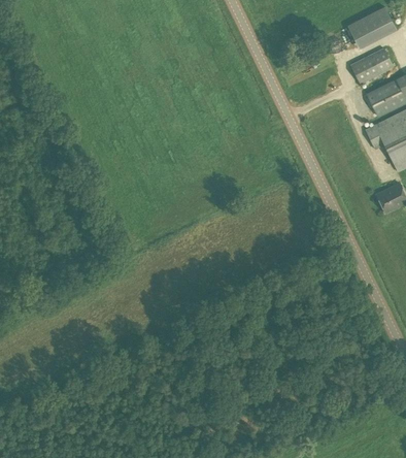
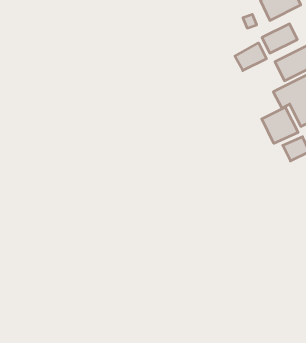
building: none -> [235,43,266,71]
building: none -> [262,107,298,143]

